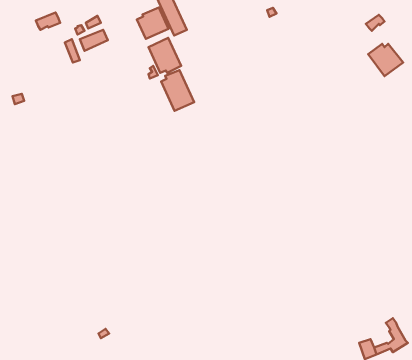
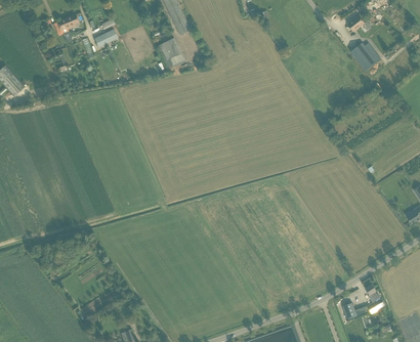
building: [137,8,168,39] -> none
building: [161,70,194,111] -> none

